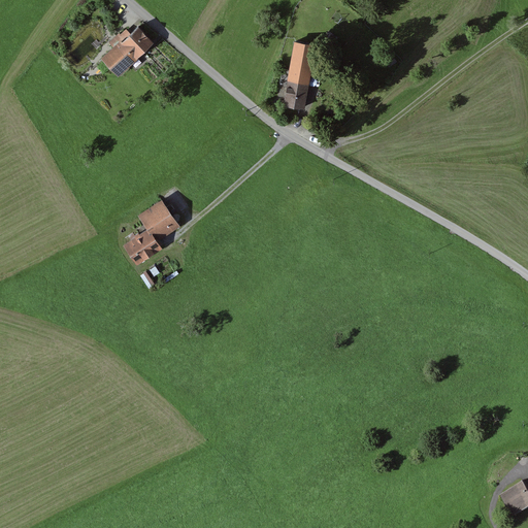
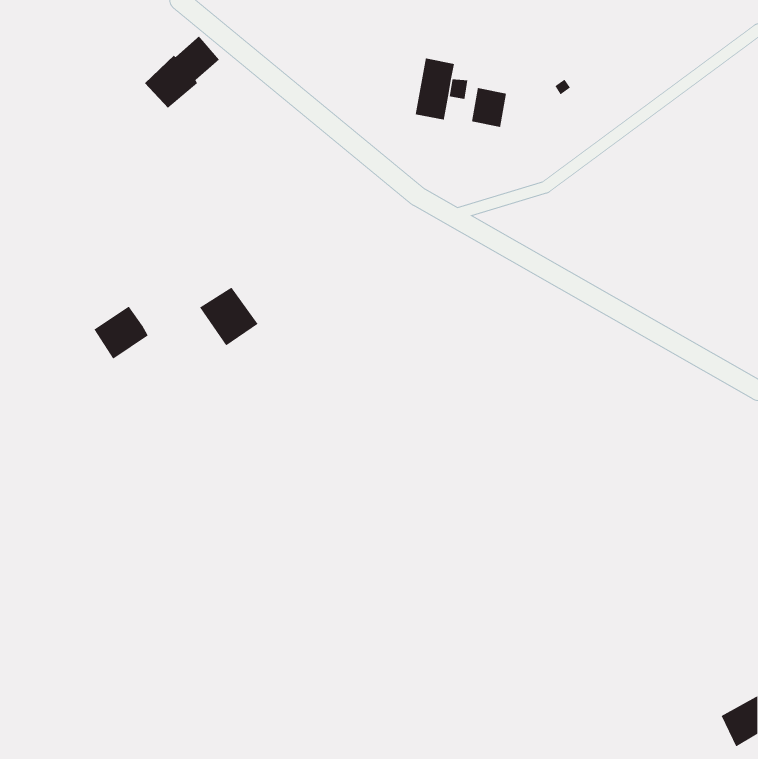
building: [284,79,308,107] -> [471,87,507,128]
building: [123,227,161,264] -> [94,306,149,359]

